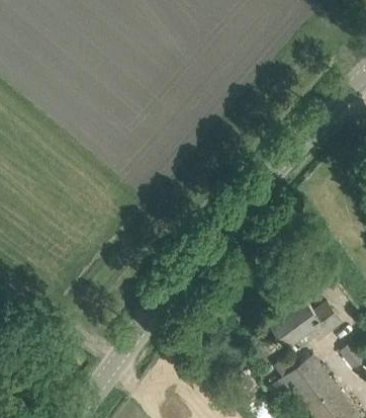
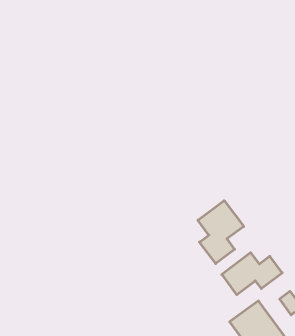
building: none -> [198,201,244,264]

